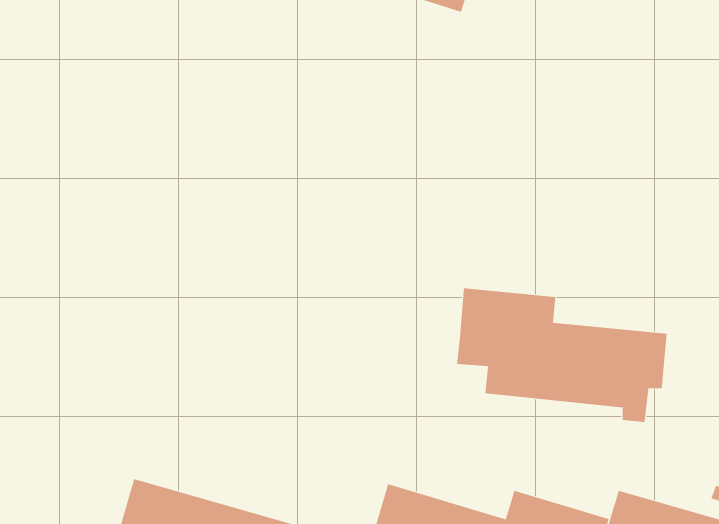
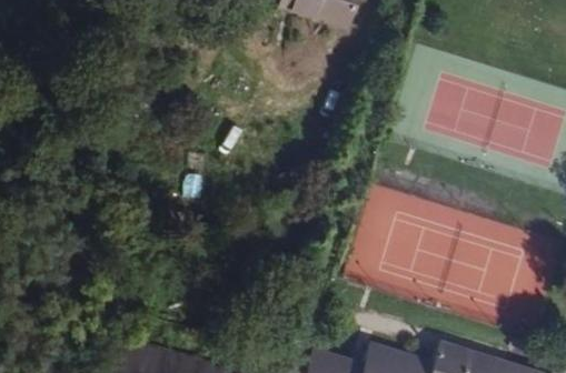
building: [457,287,667,423] -> none

